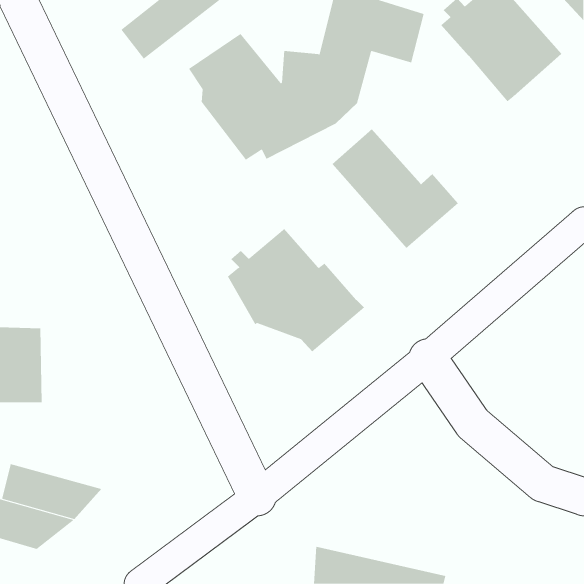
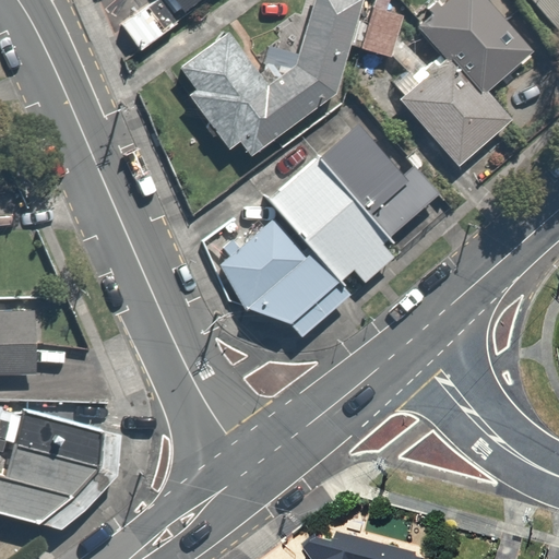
building: none -> [400,53,518,173]
building: none -> [260,156,391,285]
building: none -> [10,407,99,465]

